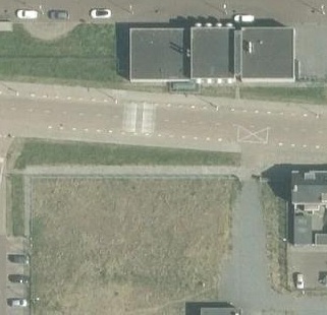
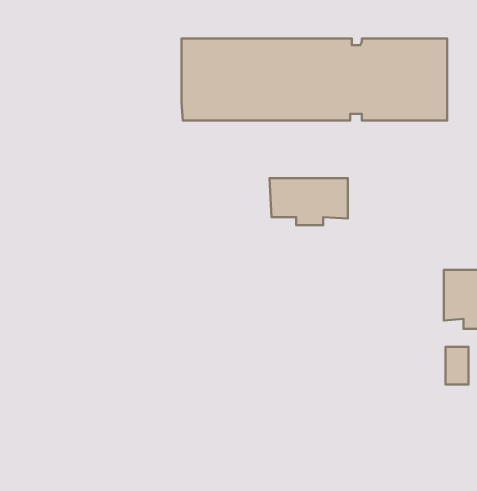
building: none -> [269,178,348,225]

